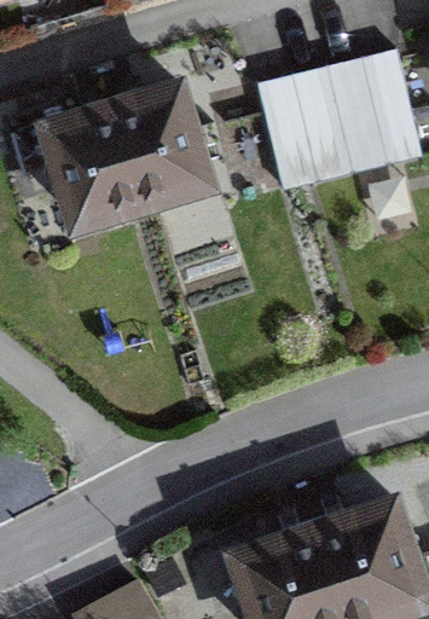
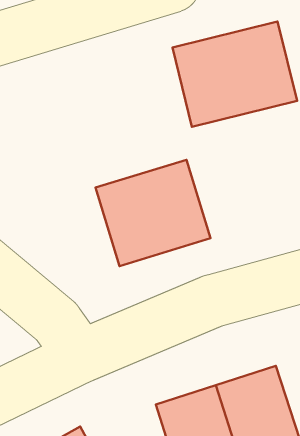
building: [46,85,208,220] -> none
building: none -> [95,160,211,266]

